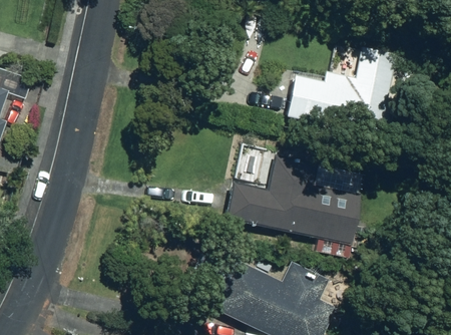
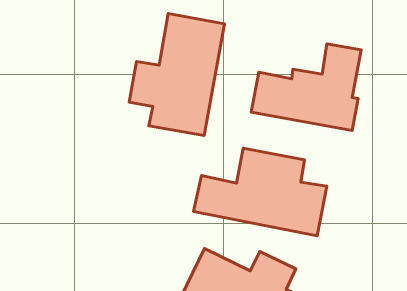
building: none -> [129,14,225,135]

